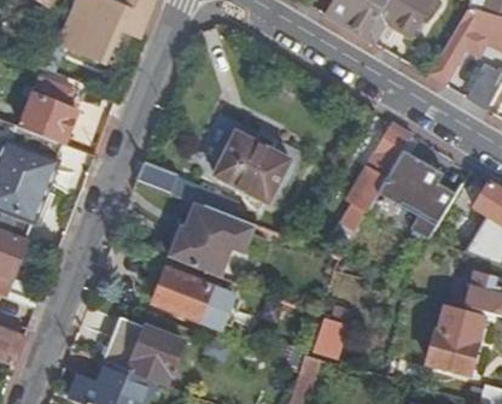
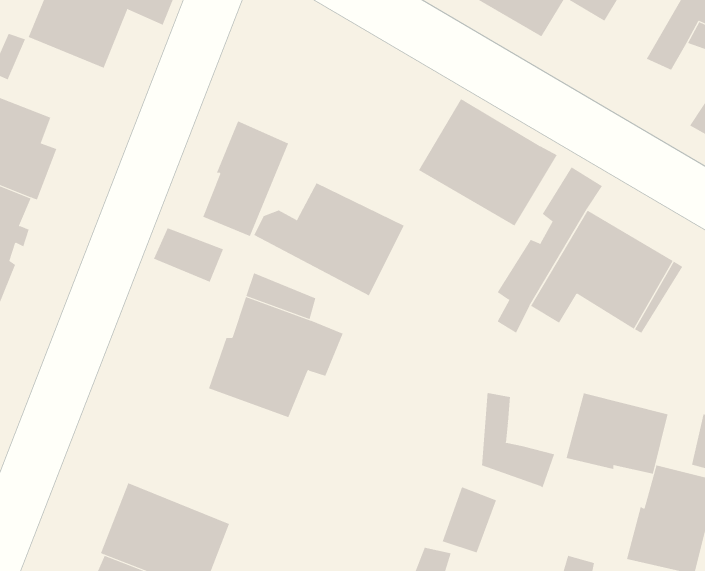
building: none -> [418,99,557,226]
building: none -> [203,120,289,237]
building: none -> [481,392,555,488]
building: none -> [566,393,668,475]
building: [153,270,238,330] -> none

